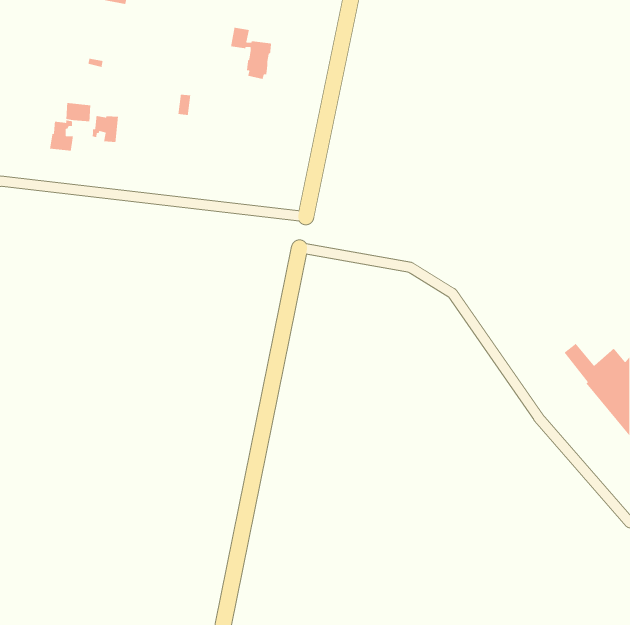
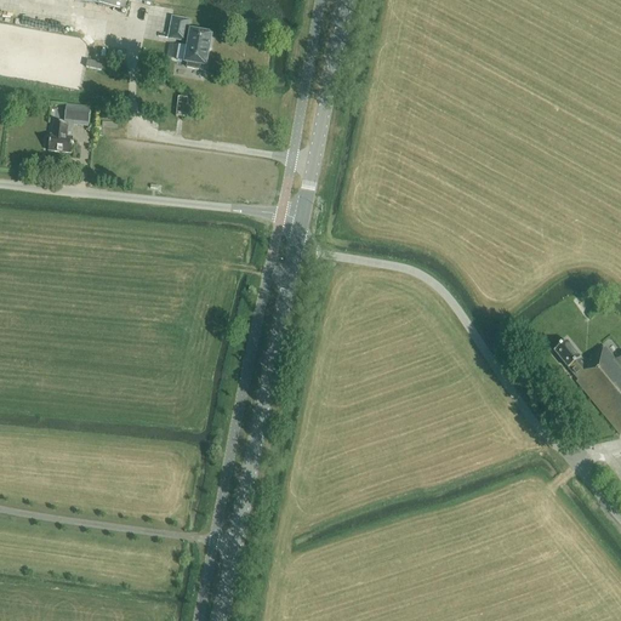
building: [230,27,272,80] -> [170,15,211,67]
building: [92,115,119,143] -> none

